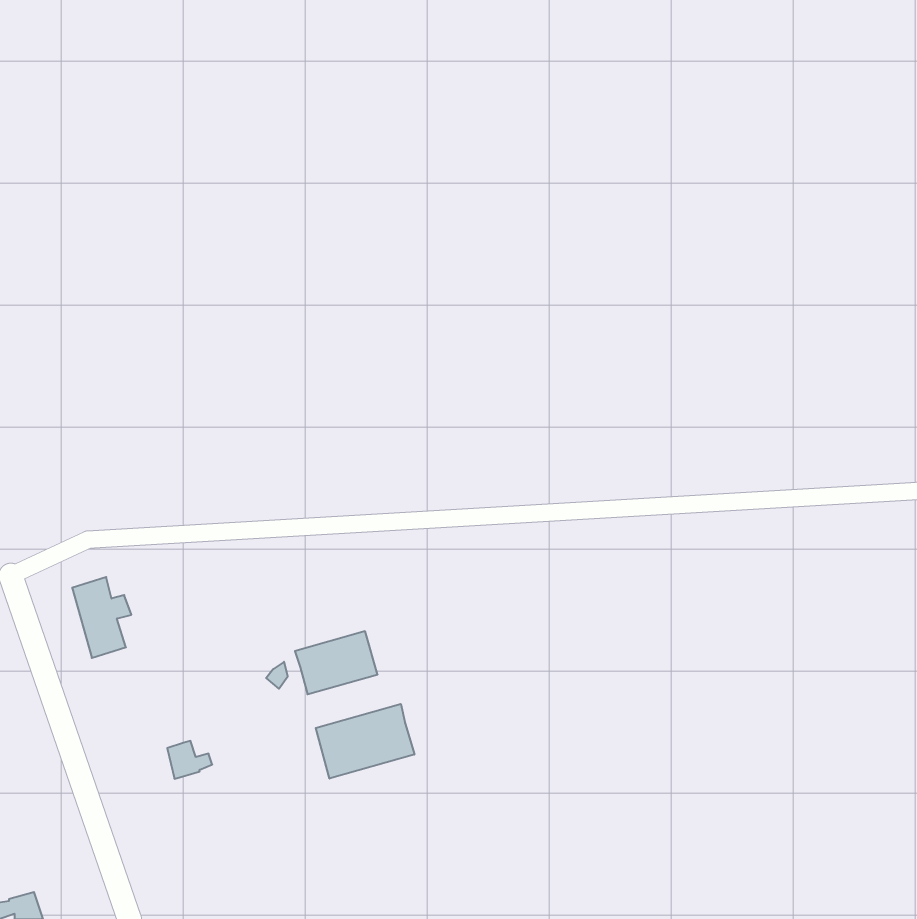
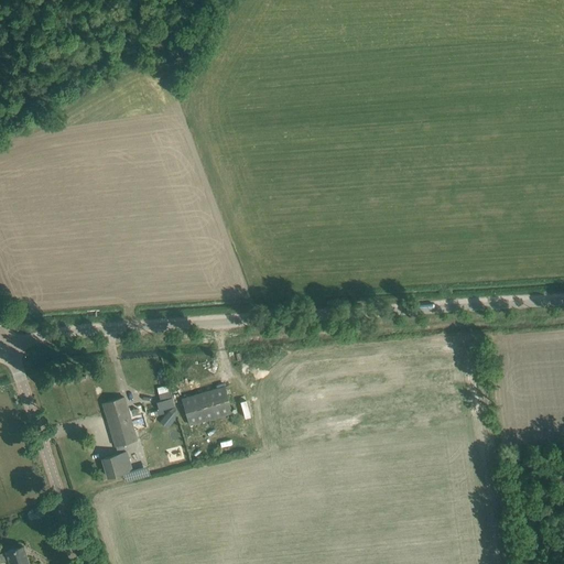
building: [72,577,131,658] -> [102,397,139,446]
building: [316,704,414,779] -> none

